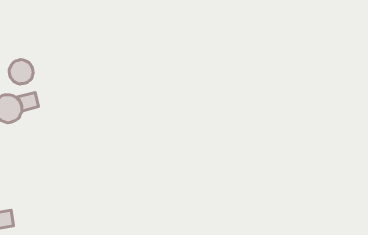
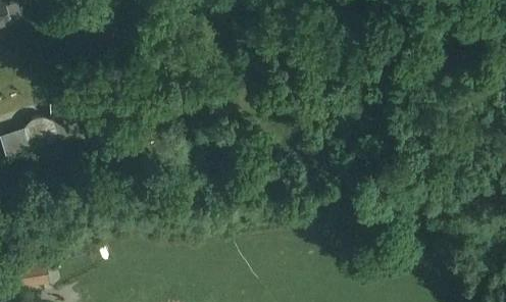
building: [9,59,33,84] -> none

